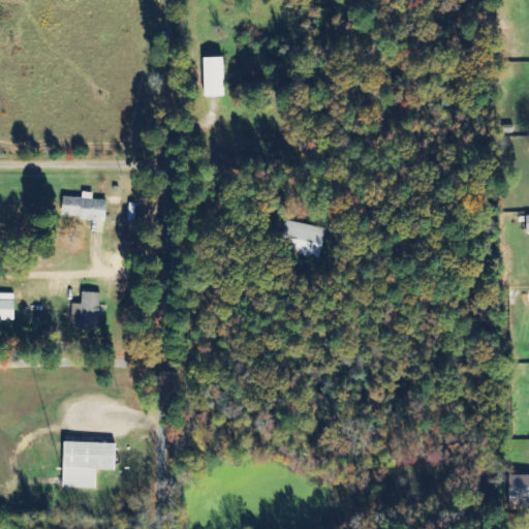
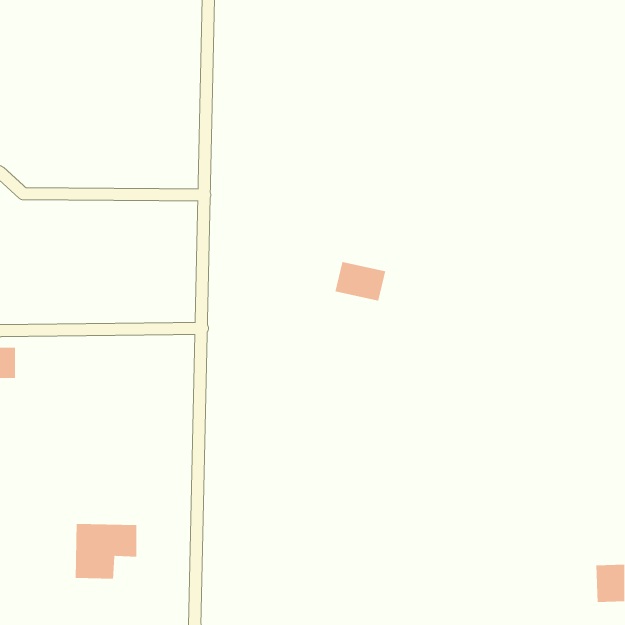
building: [205,56,225,96] -> none
building: [62,191,106,219] -> none
building: [70,291,100,329] -> none

